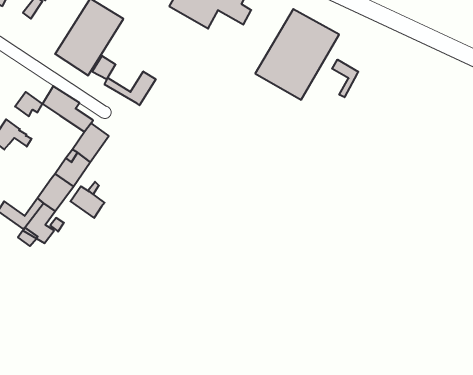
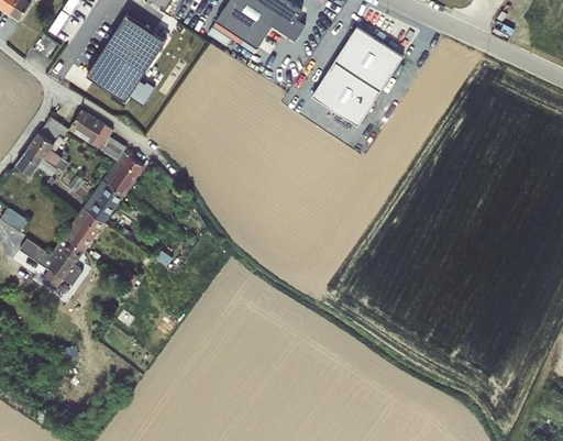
building: [332,60,358,97] -> none
building: [105,71,156,105] -> none
building: none -> [29,134,69,175]
building: [70,186,105,218] -> none

